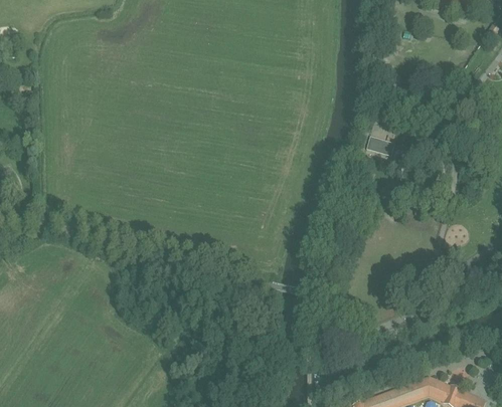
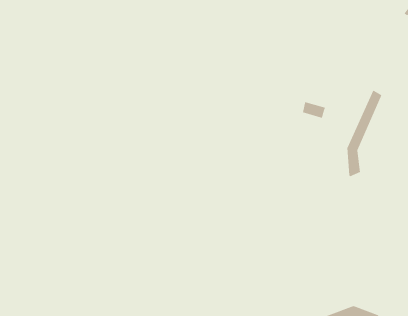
building: none -> [347,89,382,177]

